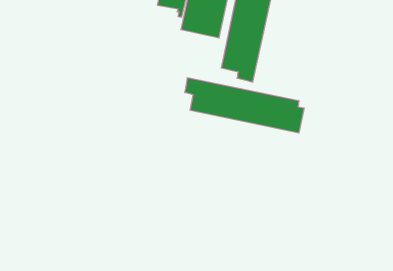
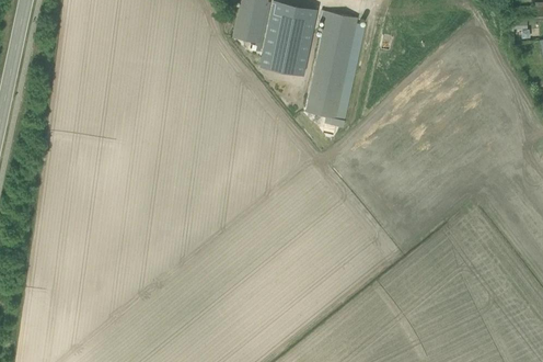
building: [185,78,304,133] -> none

